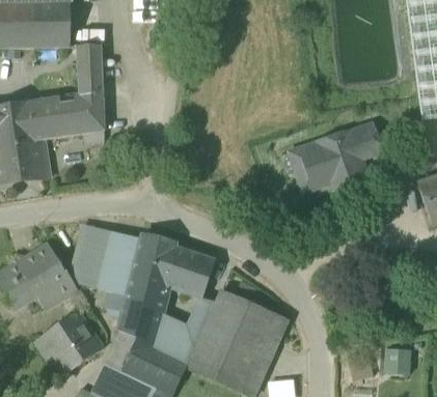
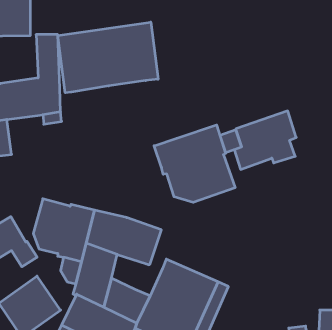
building: none -> [58,22,158,93]
building: [354,122,382,158] -> none
building: none -> [154,125,235,202]
building: [186,296,216,332] -> none

